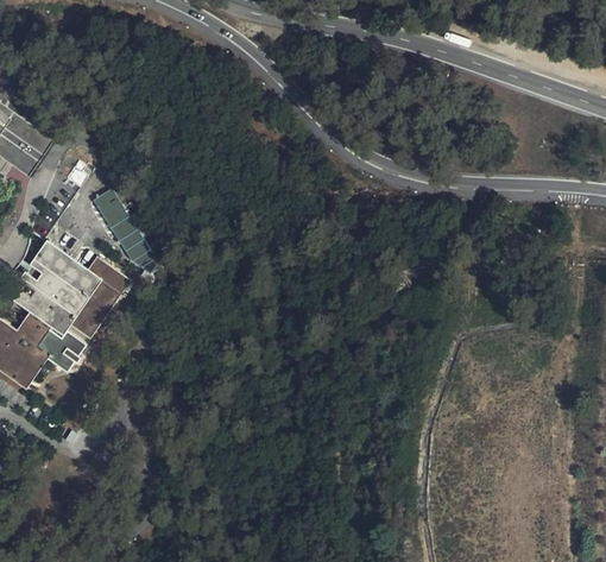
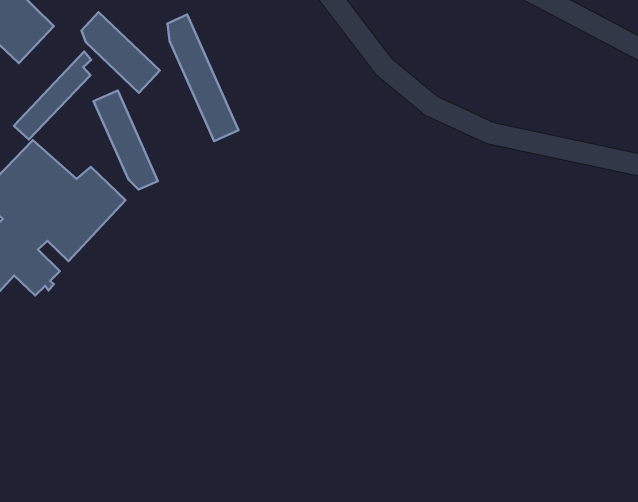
building: none -> [168,15,238,141]
building: none -> [82,12,160,93]

